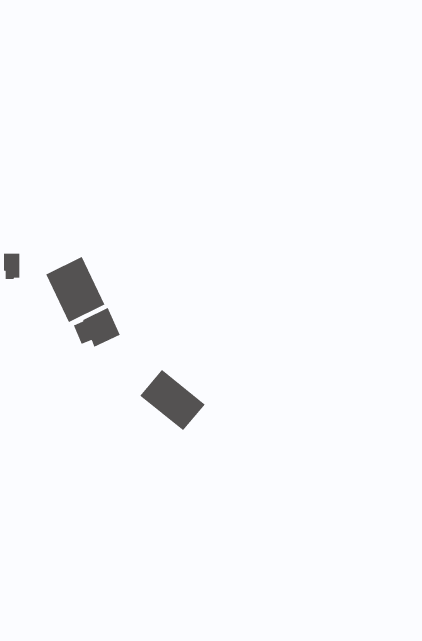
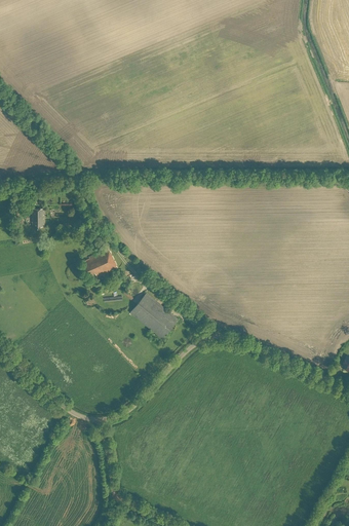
building: [45,256,105,323] -> none

